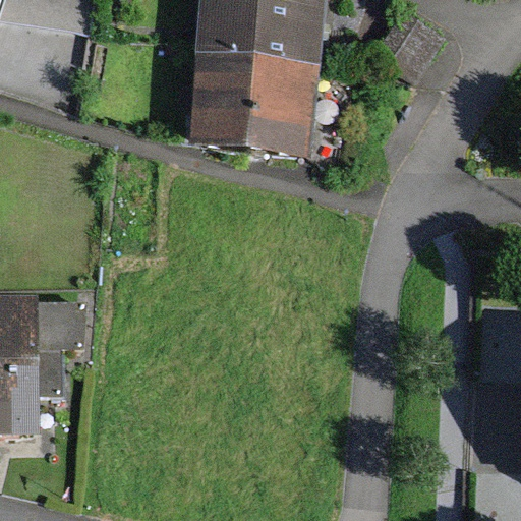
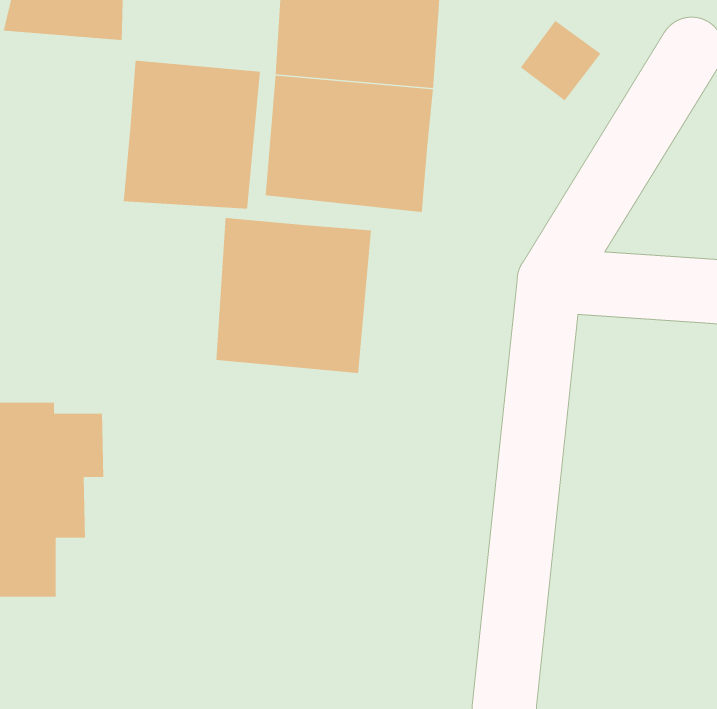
building: none -> [123,60,261,210]
building: none -> [216,217,372,374]

